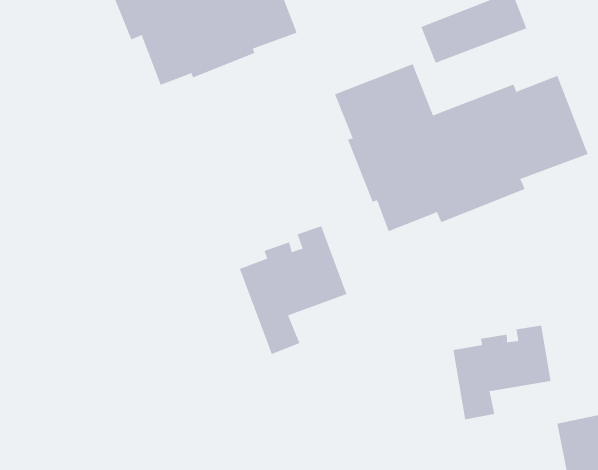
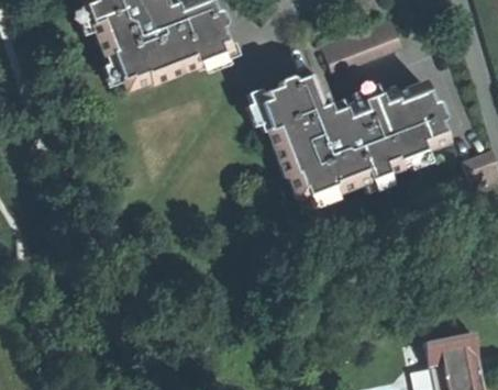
building: [239,226,347,355] -> none
building: [453,325,551,420] -> none

